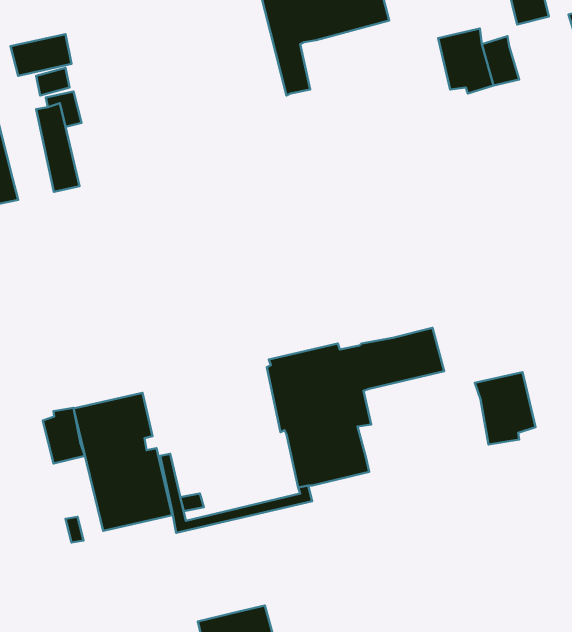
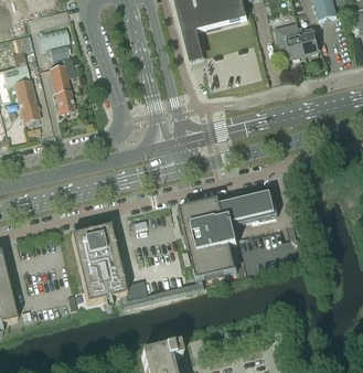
building: [475,372,535,445] -> none
building: [43,408,85,463] -> none

